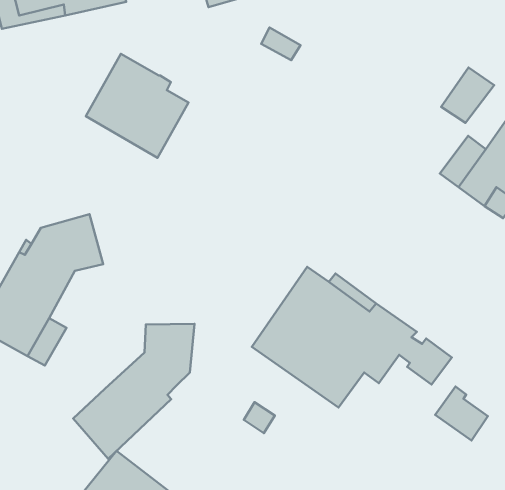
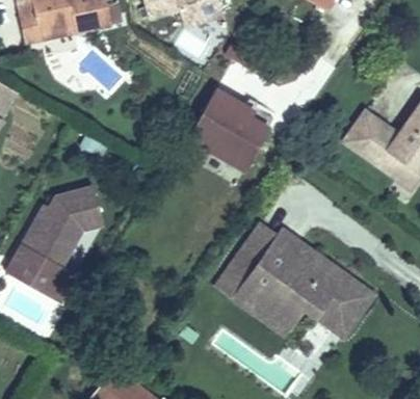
building: [86,54,189,158] -> [188,88,267,168]
building: [441,68,494,123] -> [343,110,384,153]
building: [73,324,194,459] -> none
building: [435,387,488,441] -> [315,292,356,334]

